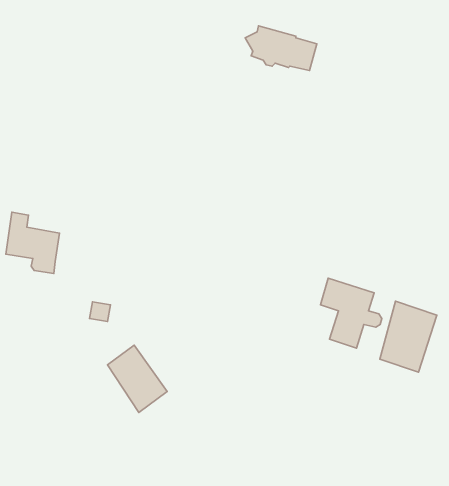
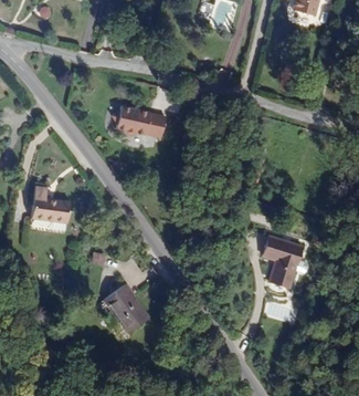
building: [245,26,317,71] -> [125,110,178,143]
building: [380,301,437,372] -> none

